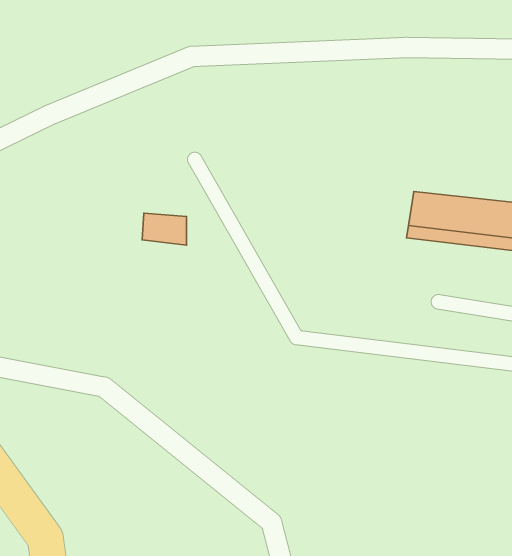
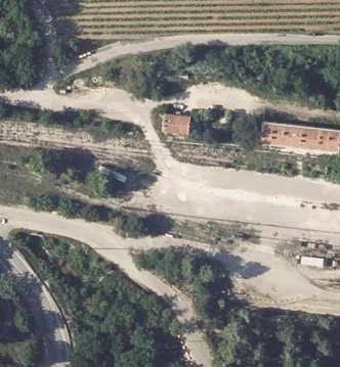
building: [142,213,187,245] -> [164,114,189,133]

